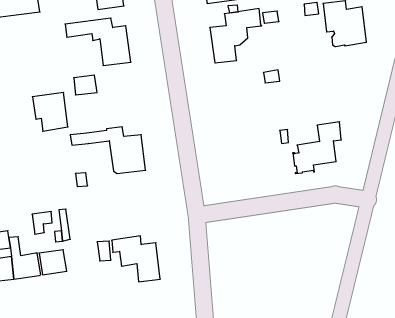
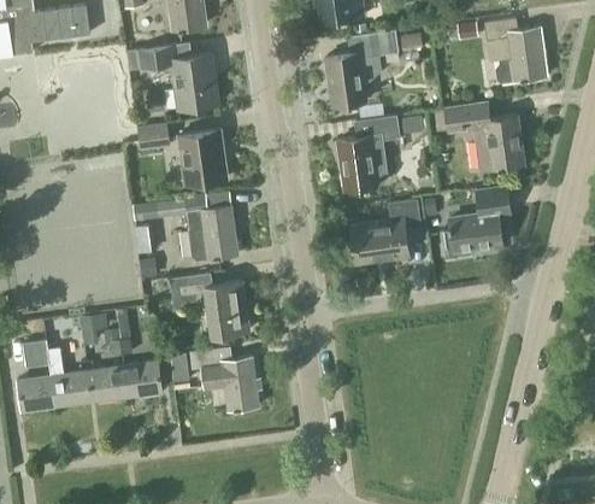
building: none -> [432,102,523,171]
building: none -> [338,116,399,191]
building: [32,92,68,131] -> [177,130,226,184]
building: none -> [349,199,420,260]
building: none -> [169,274,248,336]
building: none -> [123,362,161,397]

